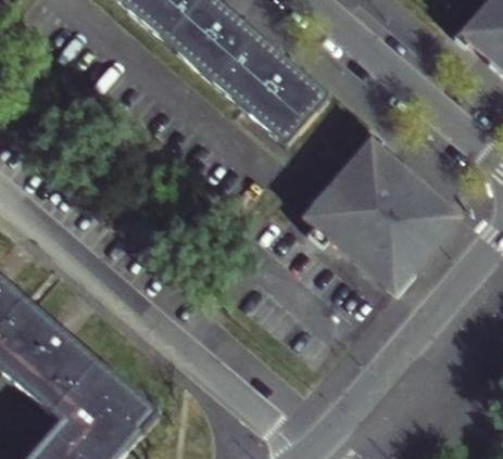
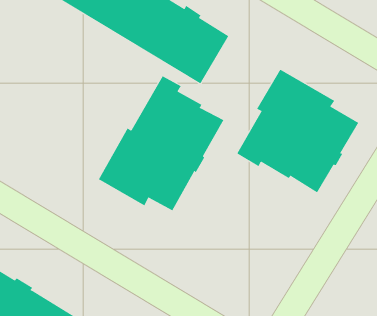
building: none -> [98,76,224,211]

